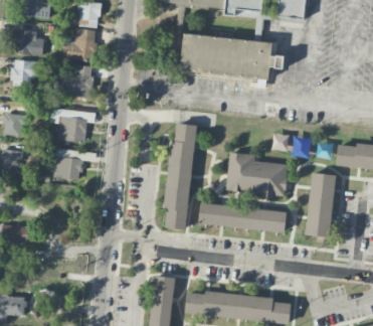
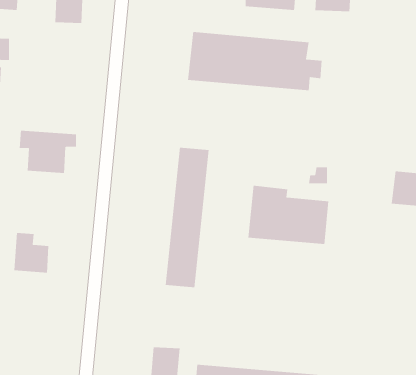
building: [63,29,95,61] -> none
building: [66,65,91,97] -> none
building: [54,150,81,181] -> [14,233,49,273]
building: [305,172,335,237] -> none
building: [198,203,286,231] -> none

